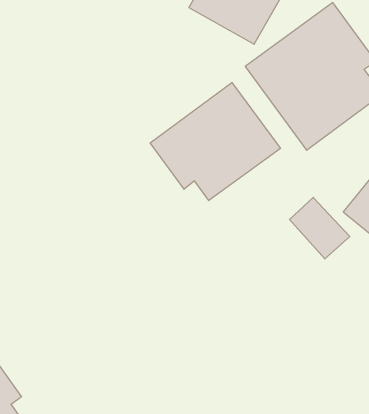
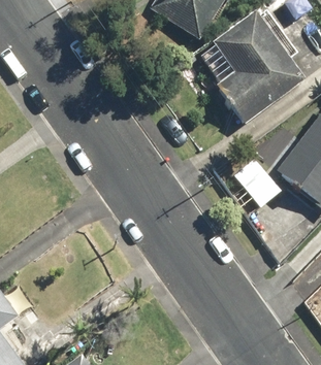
building: [150,82,280,201] -> none

